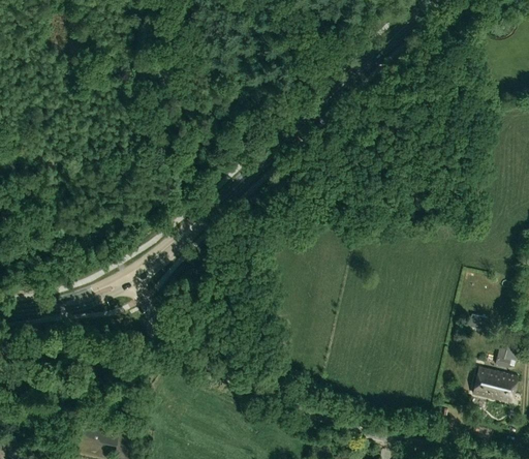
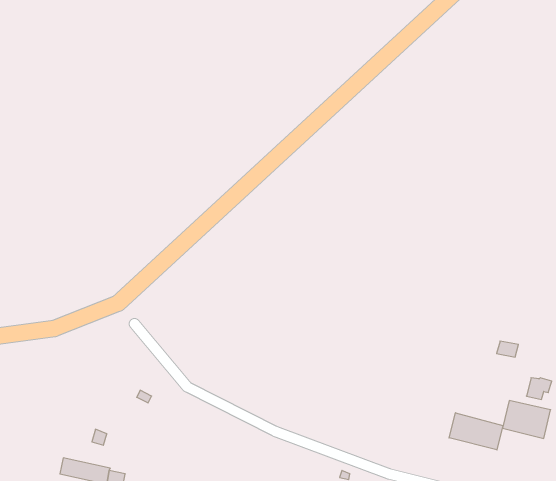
building: none -> [449,413,503,450]

